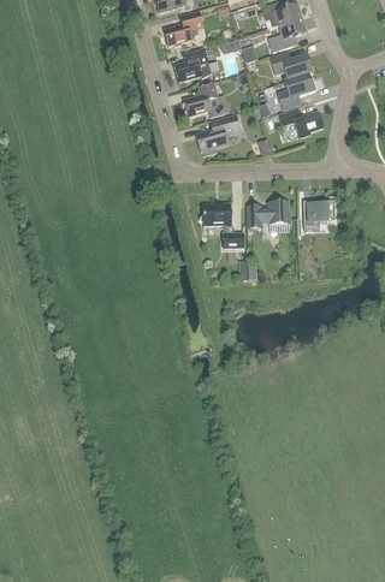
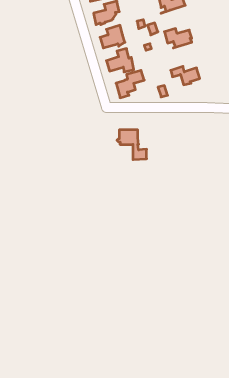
building: [267,16,304,51] -> none
building: [276,71,314,108] -> none
building: [302,198,334,228] -> none
building: [247,200,289,232] -> none

